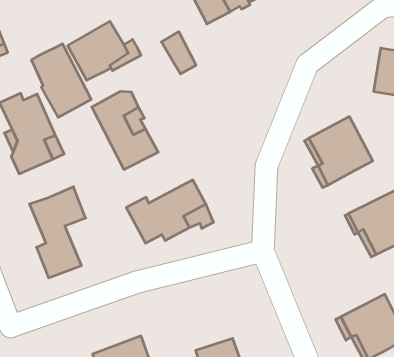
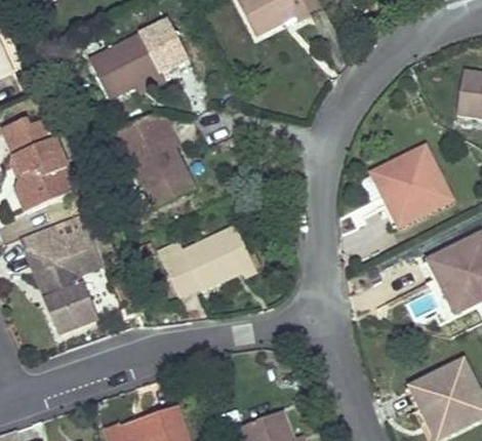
building: [161,32,196,74] -> [148,15,189,66]
building: [32,44,91,117] -> none
building: none -> [26,227,64,302]

